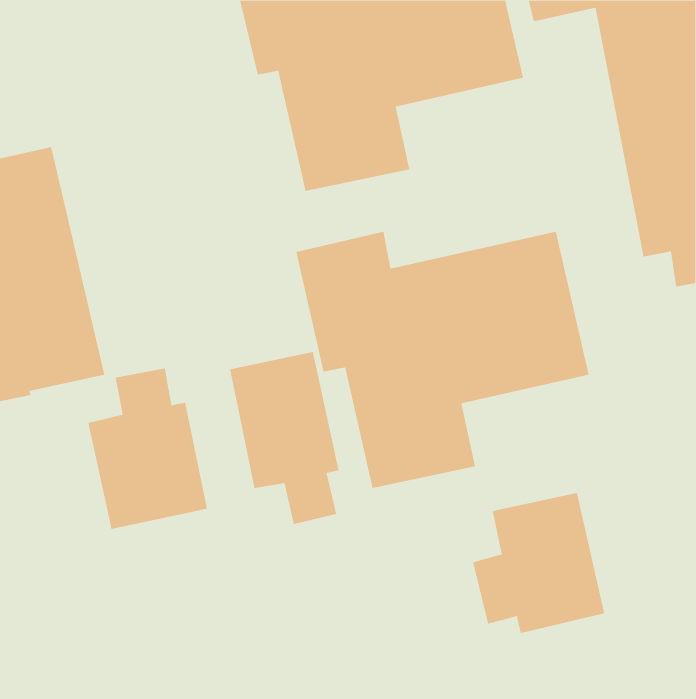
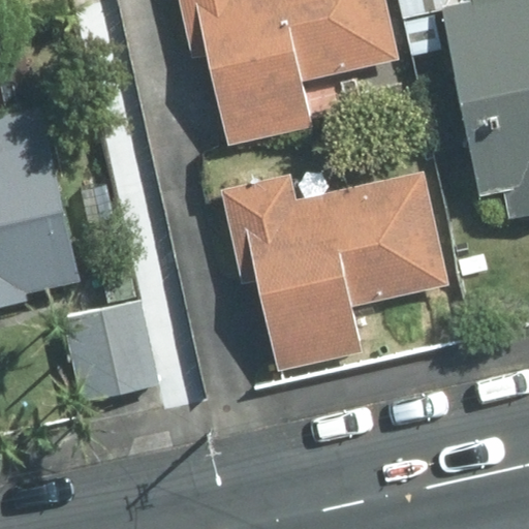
building: [229,351,339,525] -> none
building: [472,492,605,634] -> none

